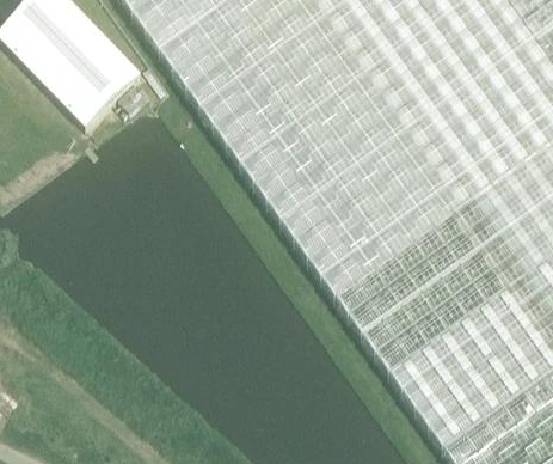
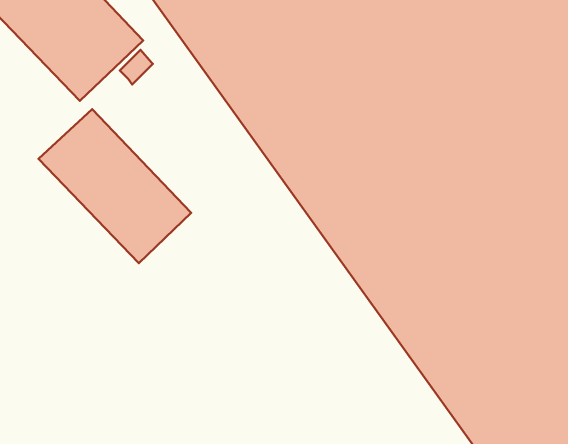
building: none -> [38,109,191,263]

